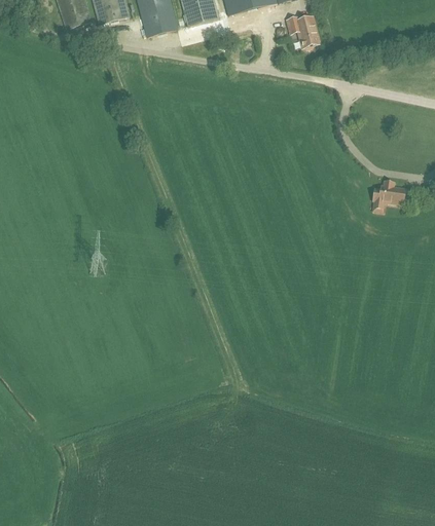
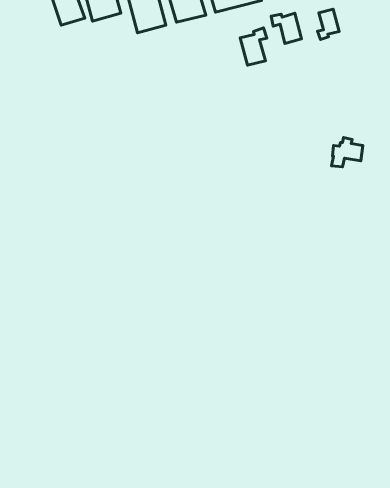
building: none -> [318,9,339,40]
building: none -> [240,28,267,65]
building: [372,180,405,211] -> [332,138,363,167]

